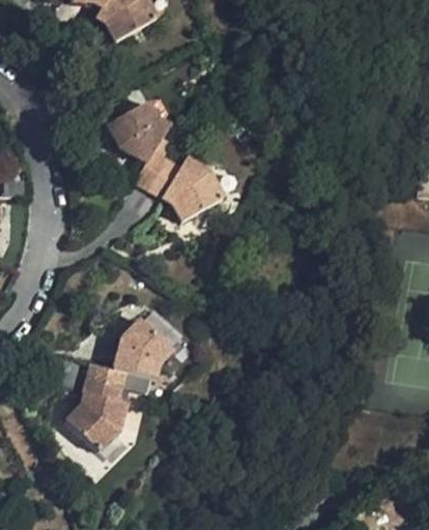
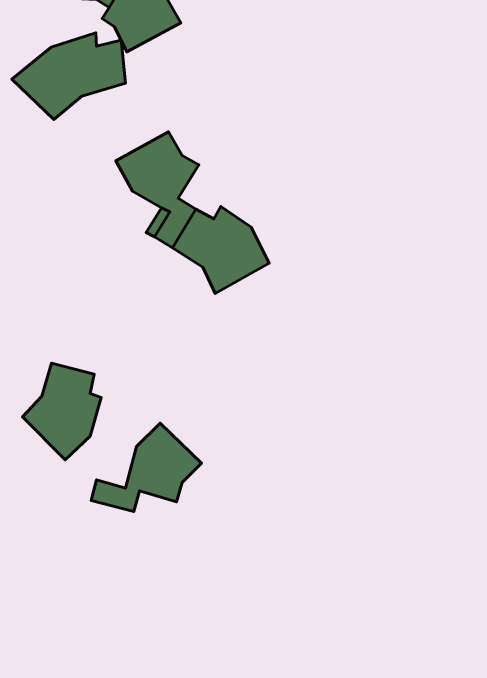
building: none -> [12,33,125,120]
building: [66,377,125,449] -> [22,363,101,460]

